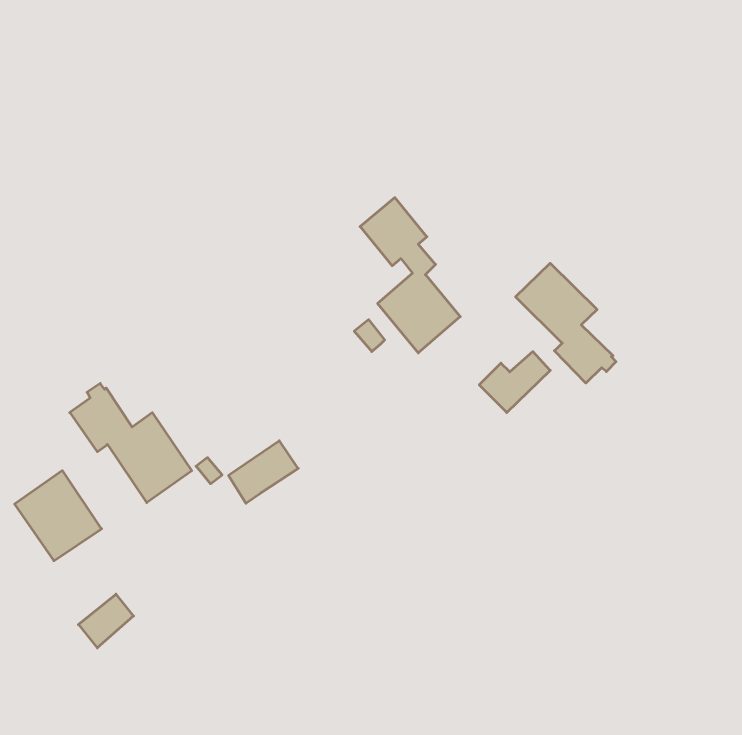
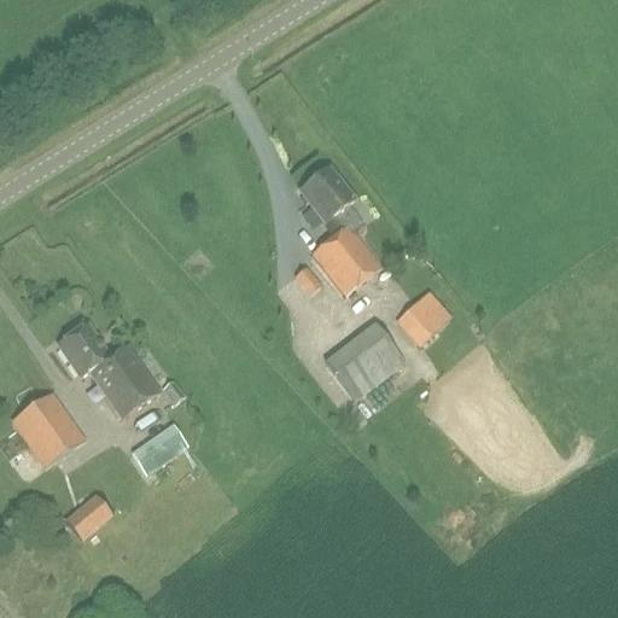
building: [516,263,616,383] -> none
building: none -> [326,323,404,397]
building: [229,441,298,503] -> [130,422,188,474]

